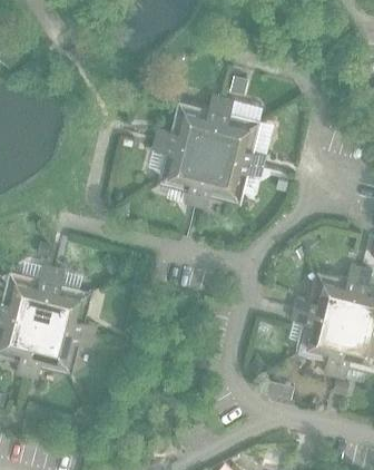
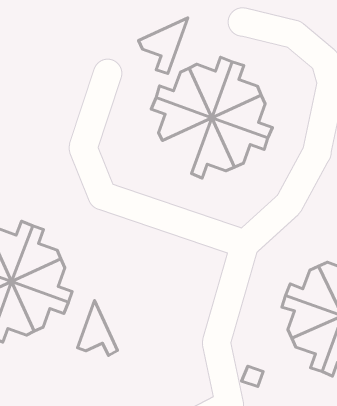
building: [166,149,209,203] -> [139,18,188,73]
building: none -> [77,301,118,356]

